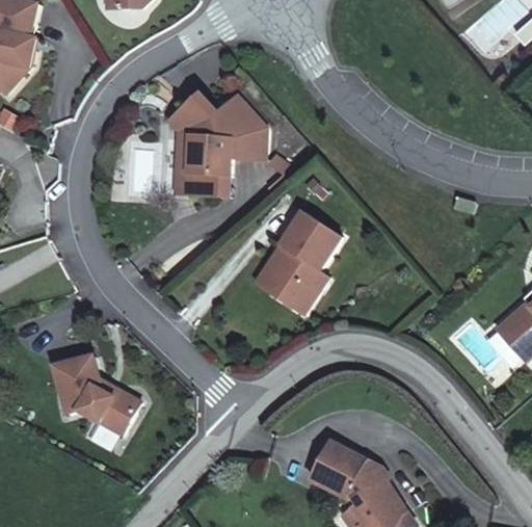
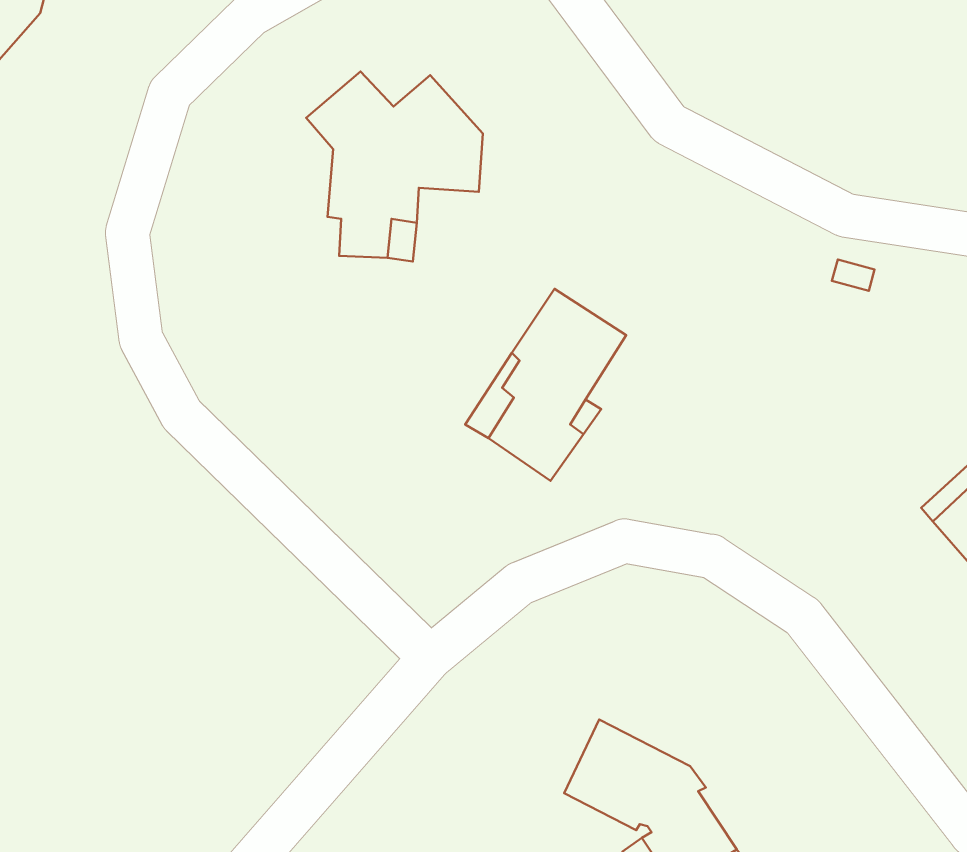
building: [53,354,138,433] -> none

